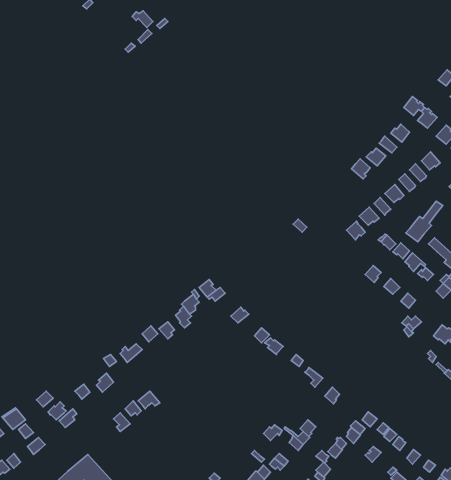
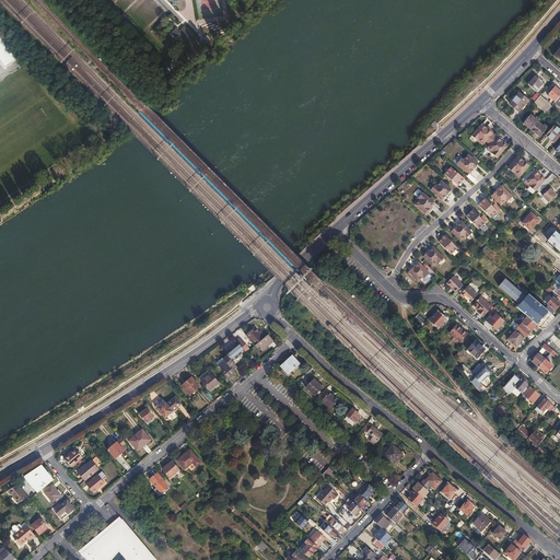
building: [406,201,443,242] -> none

